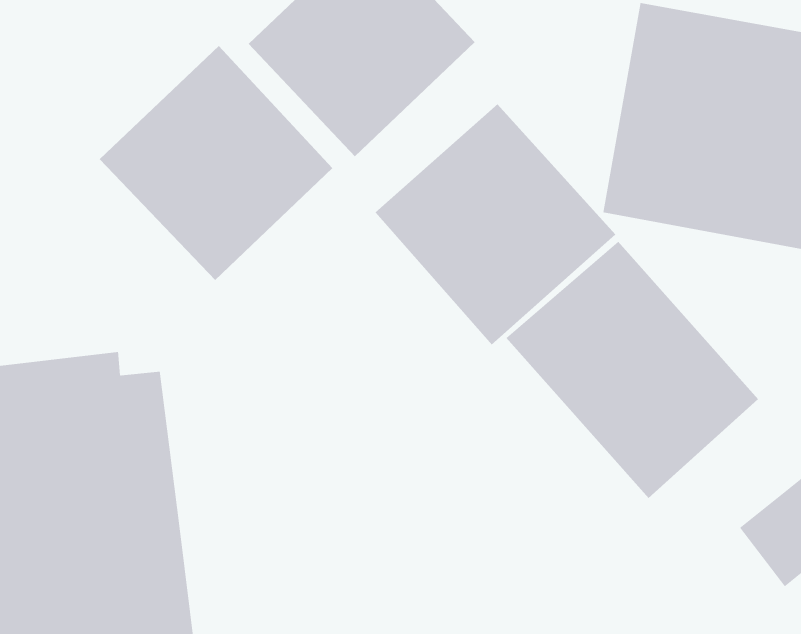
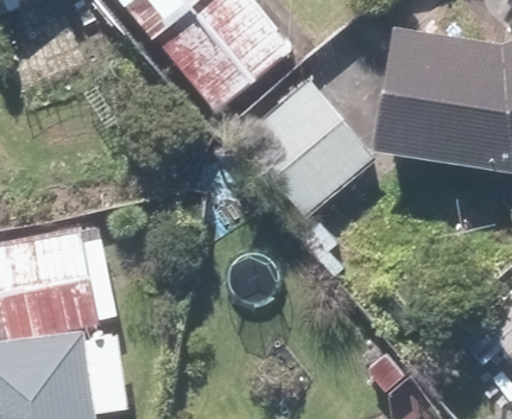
building: [99,45,333,281] -> none
building: [505,241,759,499] -> none

